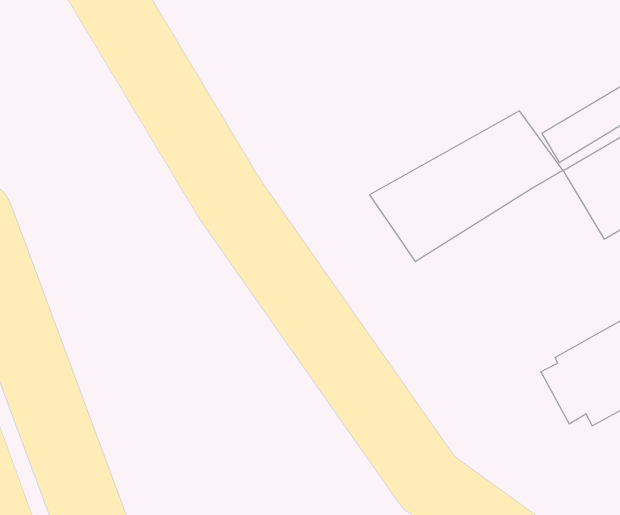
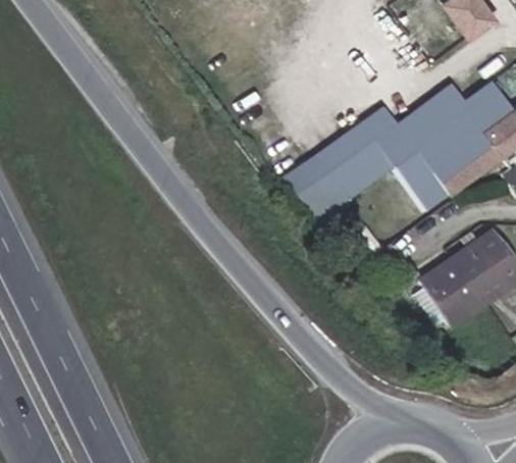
building: none -> [397,145,452,206]

